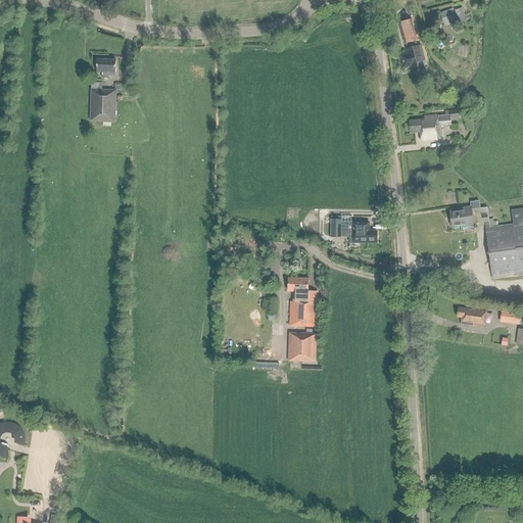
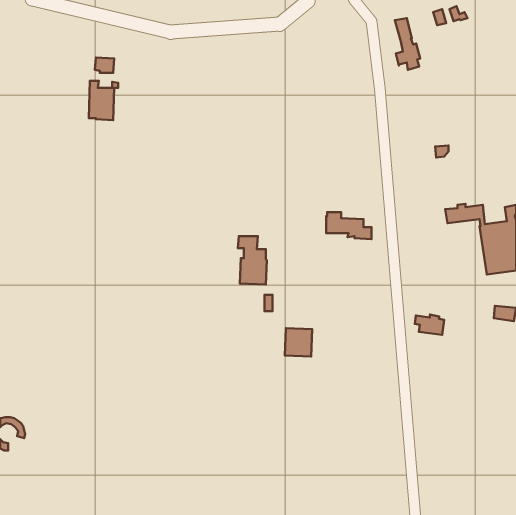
building: [409,109,463,141] -> none
building: [287,278,317,327] -> [238,236,267,285]
building: [457,306,486,327] -> [415,315,444,335]

